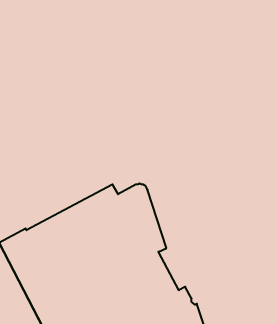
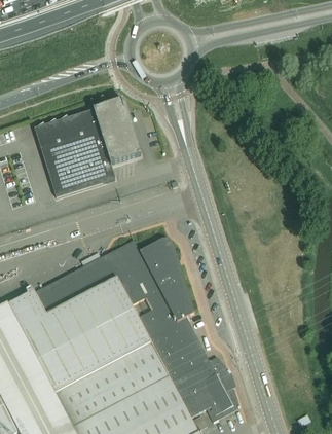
building: none -> [34,102,138,197]

